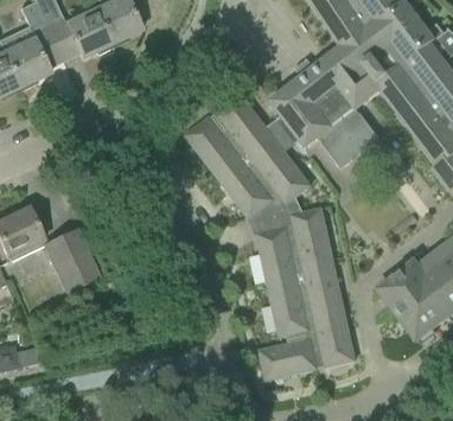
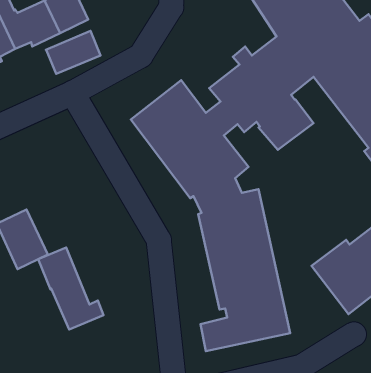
building: none -> [46,31,100,74]
building: none -> [38,248,104,329]

